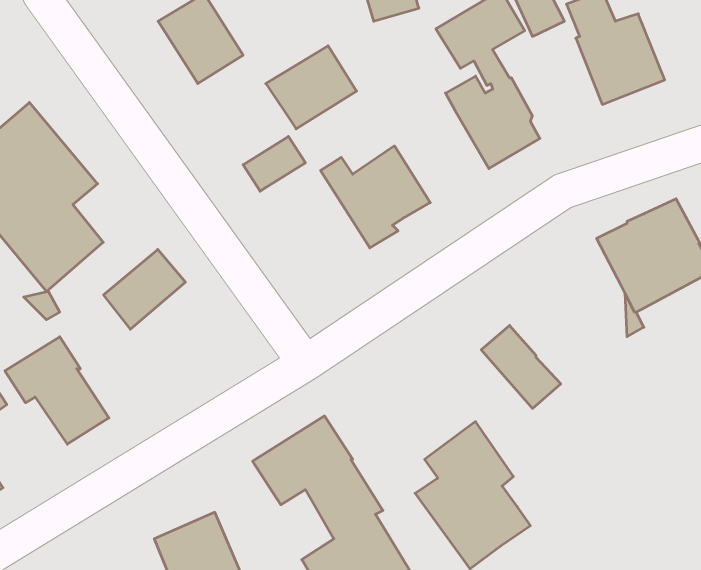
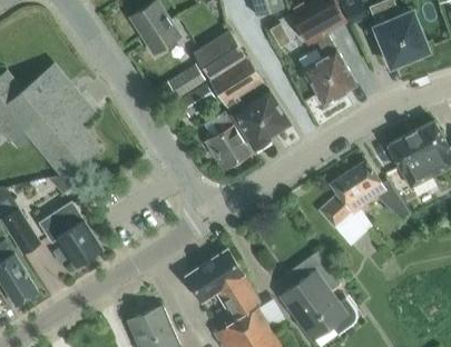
building: none -> [209,57,263,106]
building: none -> [167,65,205,98]
building: none -> [208,112,251,168]
building: [104,249,185,329] -> none
building: none -> [331,160,411,220]

